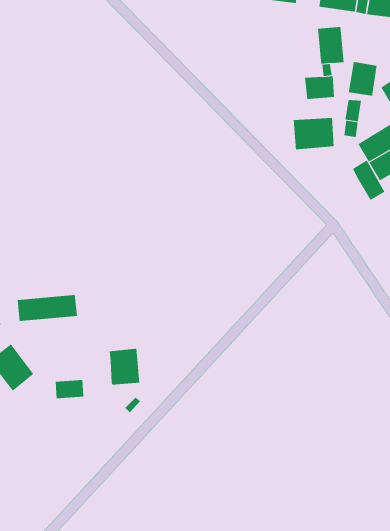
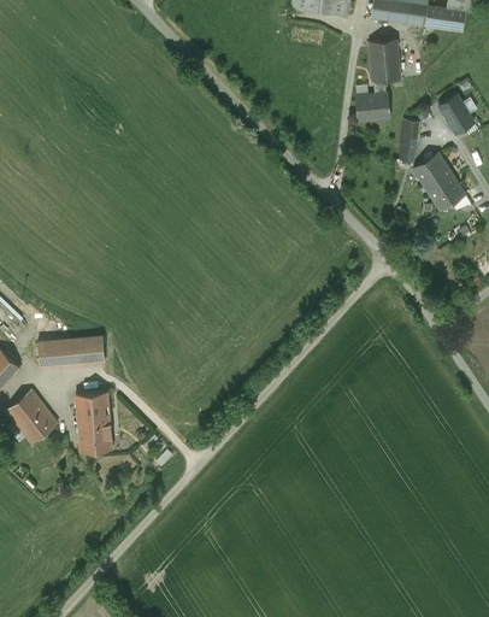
building: [348,61,377,97] -> none
building: [293,117,334,150] -> none
building: [352,160,385,201] -> none
building: [109,348,140,385] -> [76,390,111,431]

